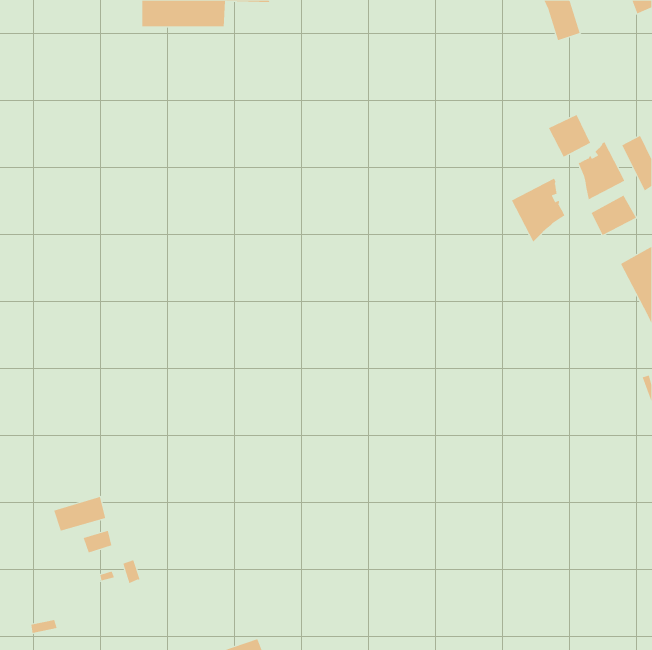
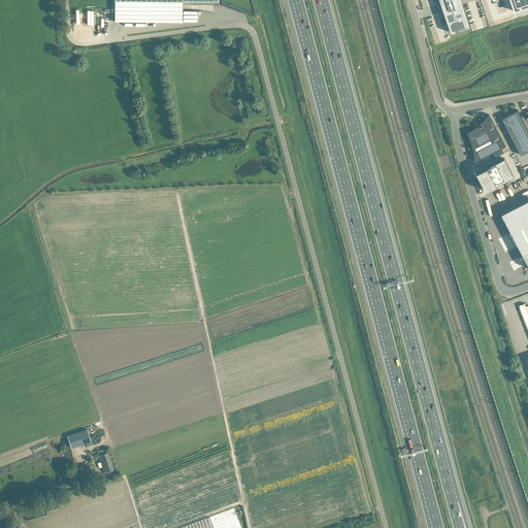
building: [548,114,591,158] -> none
building: [511,178,565,243] -> none
building: [53,496,106,532] -> none

